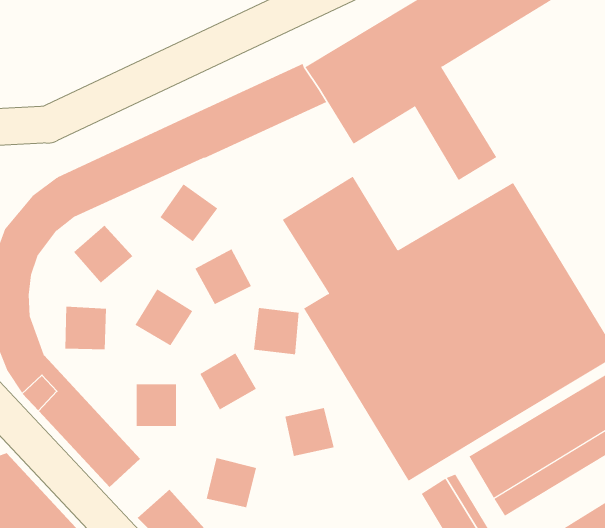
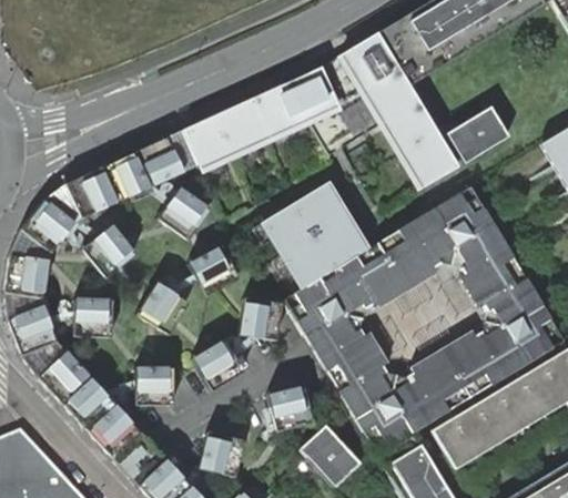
building: none -> [446,104,507,160]
building: none -> [301,424,361,485]

